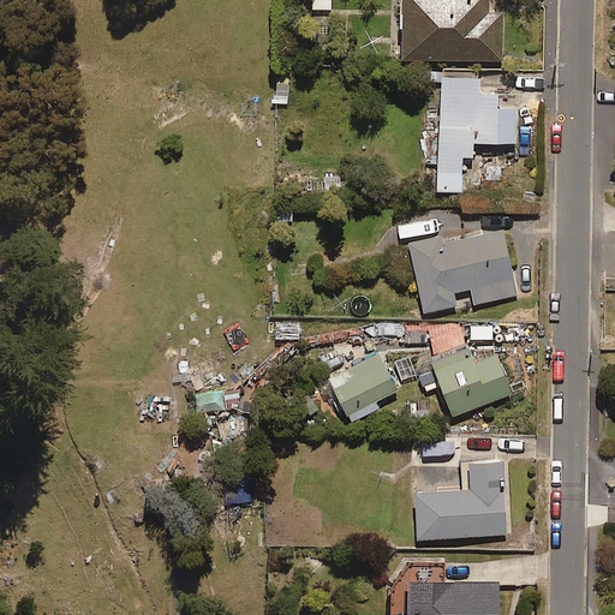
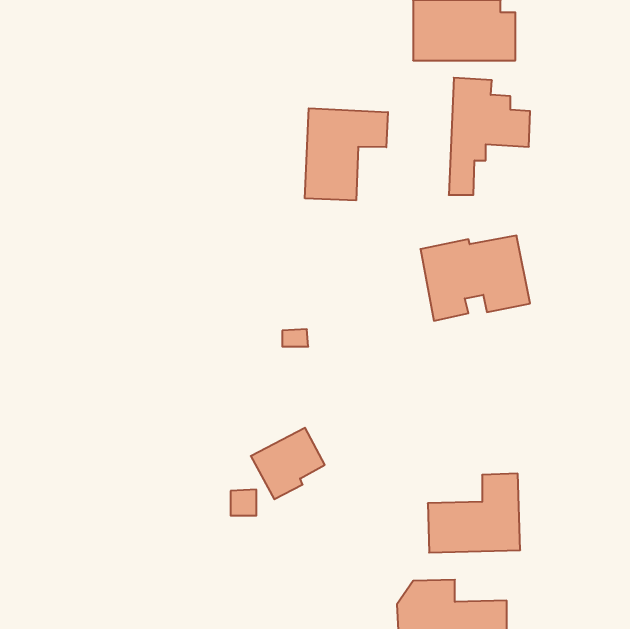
building: none -> [305,108,388,200]
building: [431,348,512,417] -> none
building: [327,353,399,423] -> [251,428,325,499]

